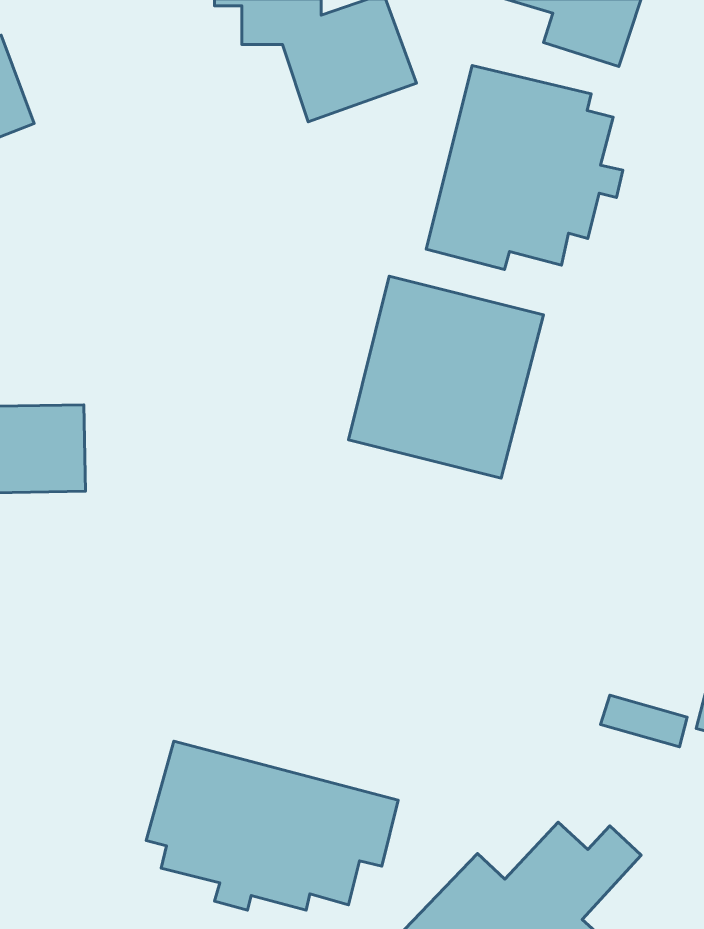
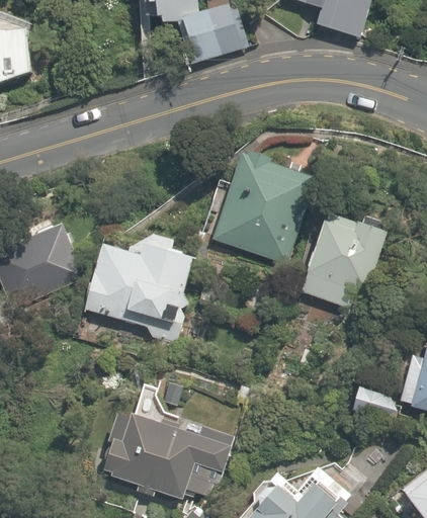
building: [426,65,623,270] -> none
building: none -> [301,209,390,309]
building: none -> [82,233,196,322]

